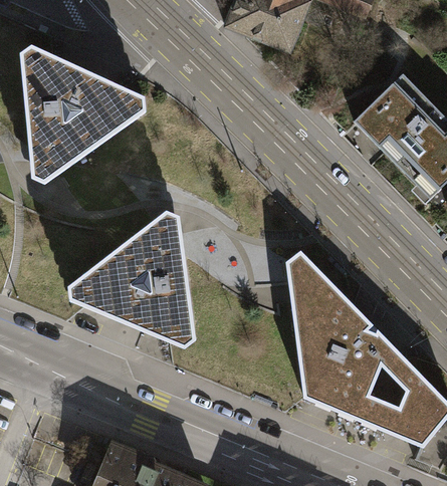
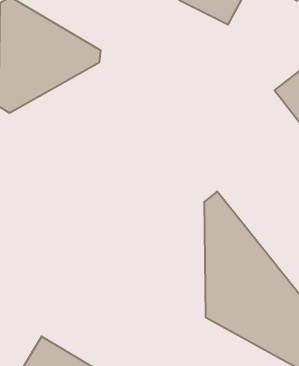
building: [67,211,195,347] -> none

